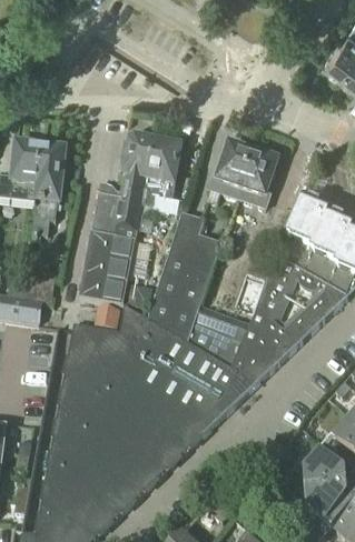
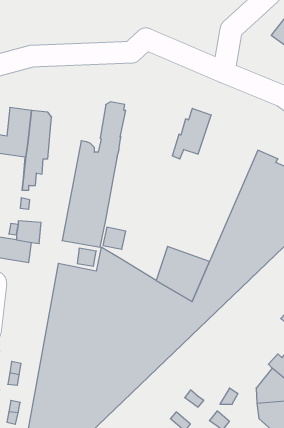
building: [141,140,180,204] -> none
building: [236,152,275,208] -> none
building: [146,212,221,345] -> none

